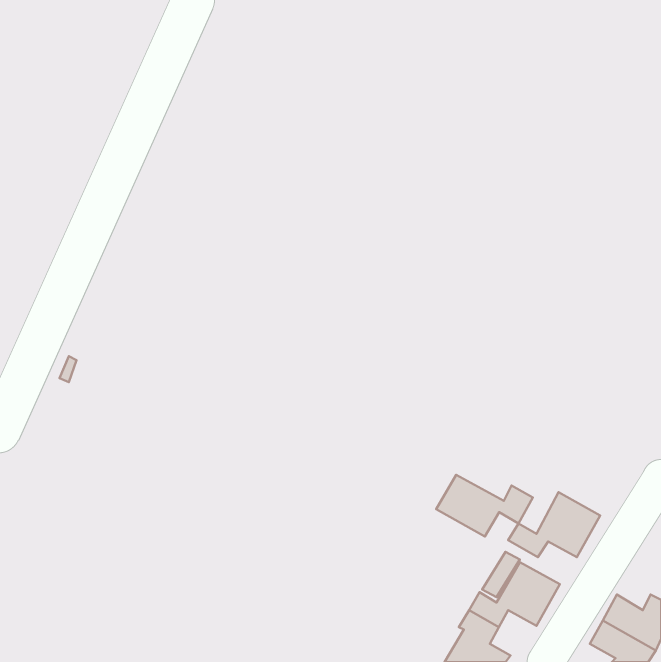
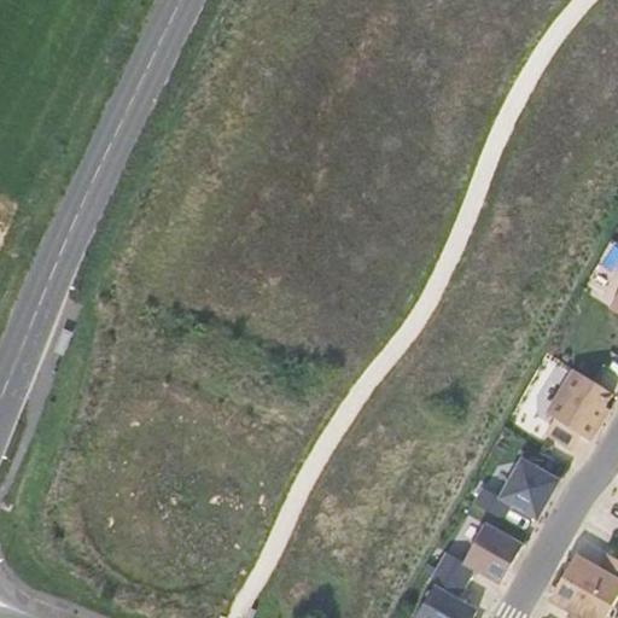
building: none -> [544,369,611,450]
building: [436,475,533,537] -> none

